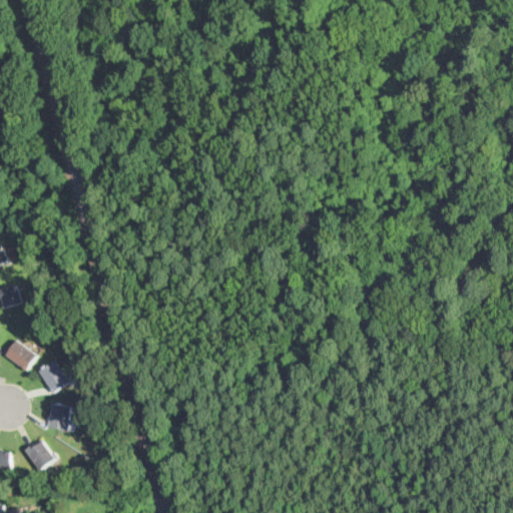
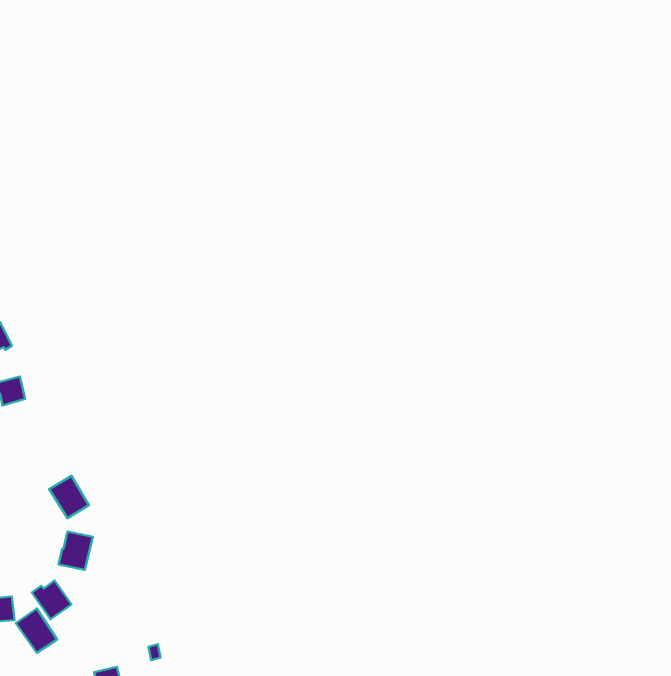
building: [5,341,36,371] -> none
building: none -> [16,609,57,653]

